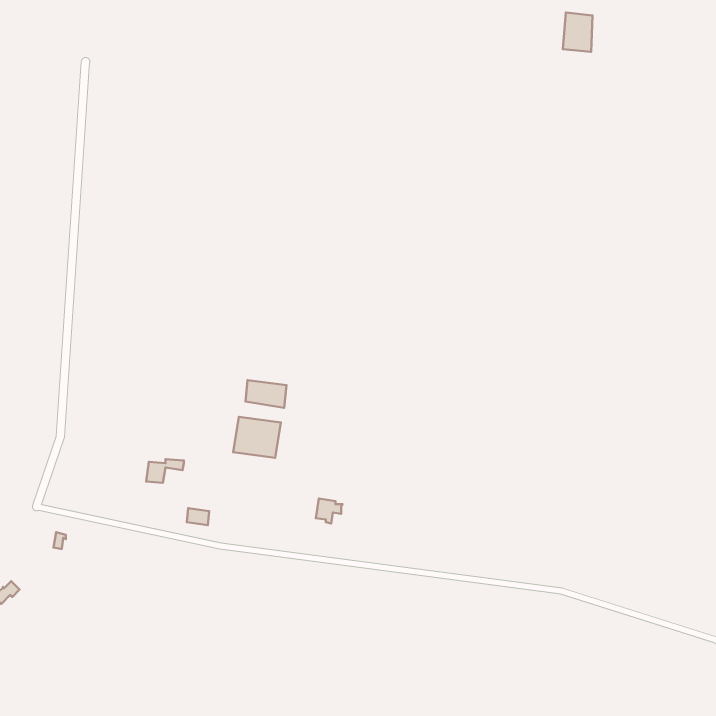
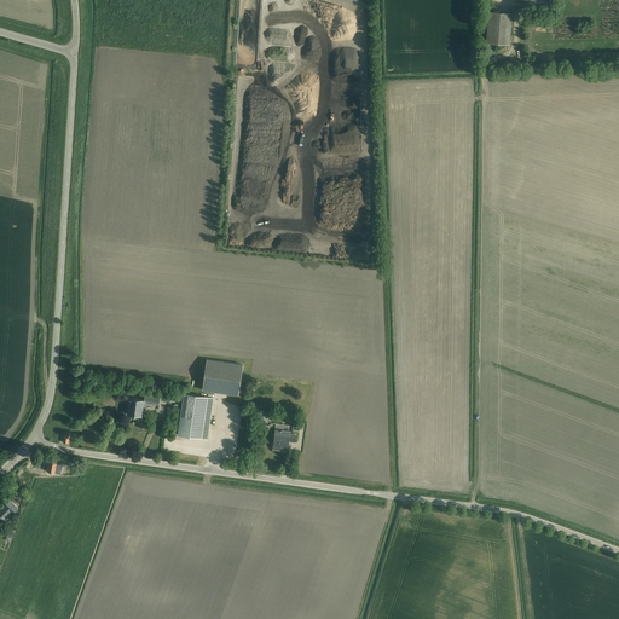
building: [246,380,286,408] -> none
building: none -> [177,395,212,440]

